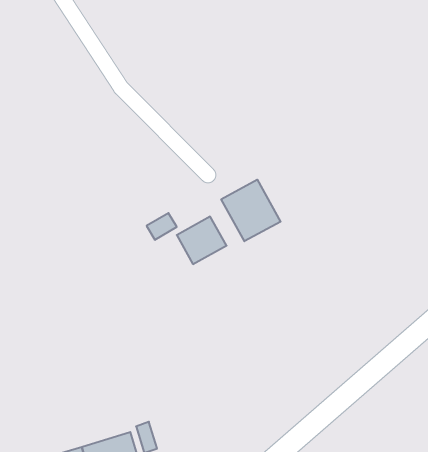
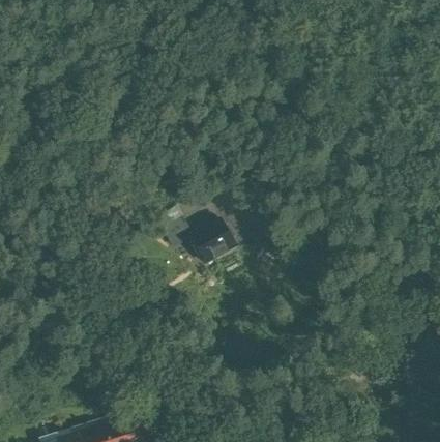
building: [221,180,281,241] -> none

